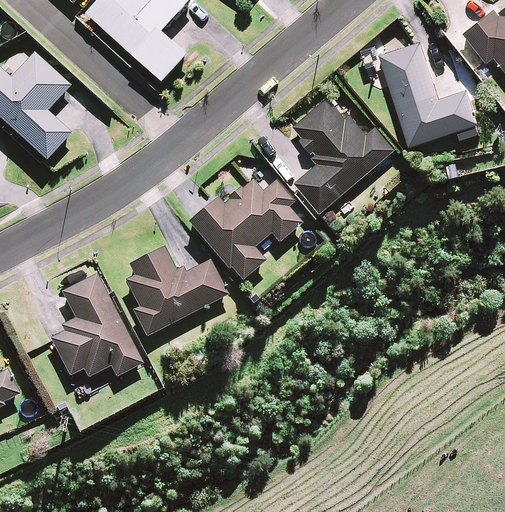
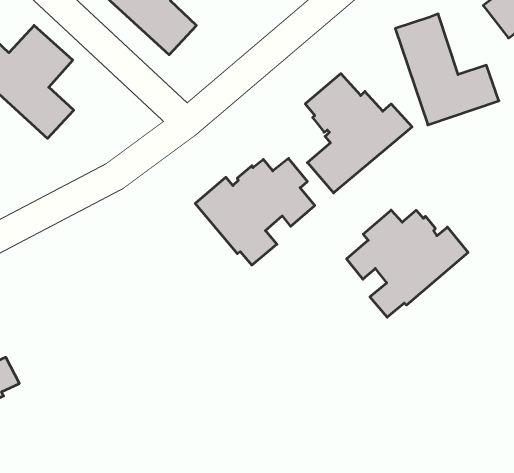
building: none -> [347,210,468,317]
building: [126,246,229,336] -> none
building: [50,273,144,378] -> none

